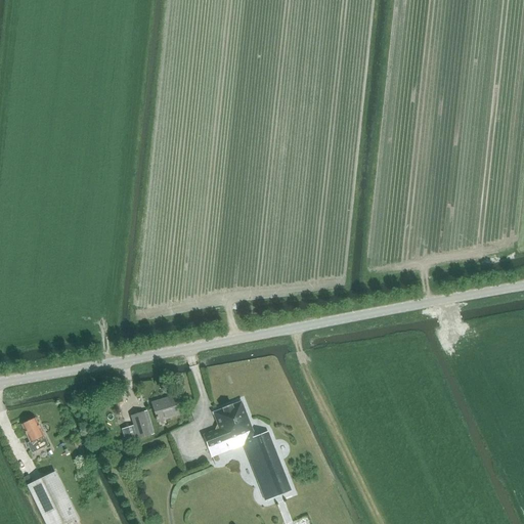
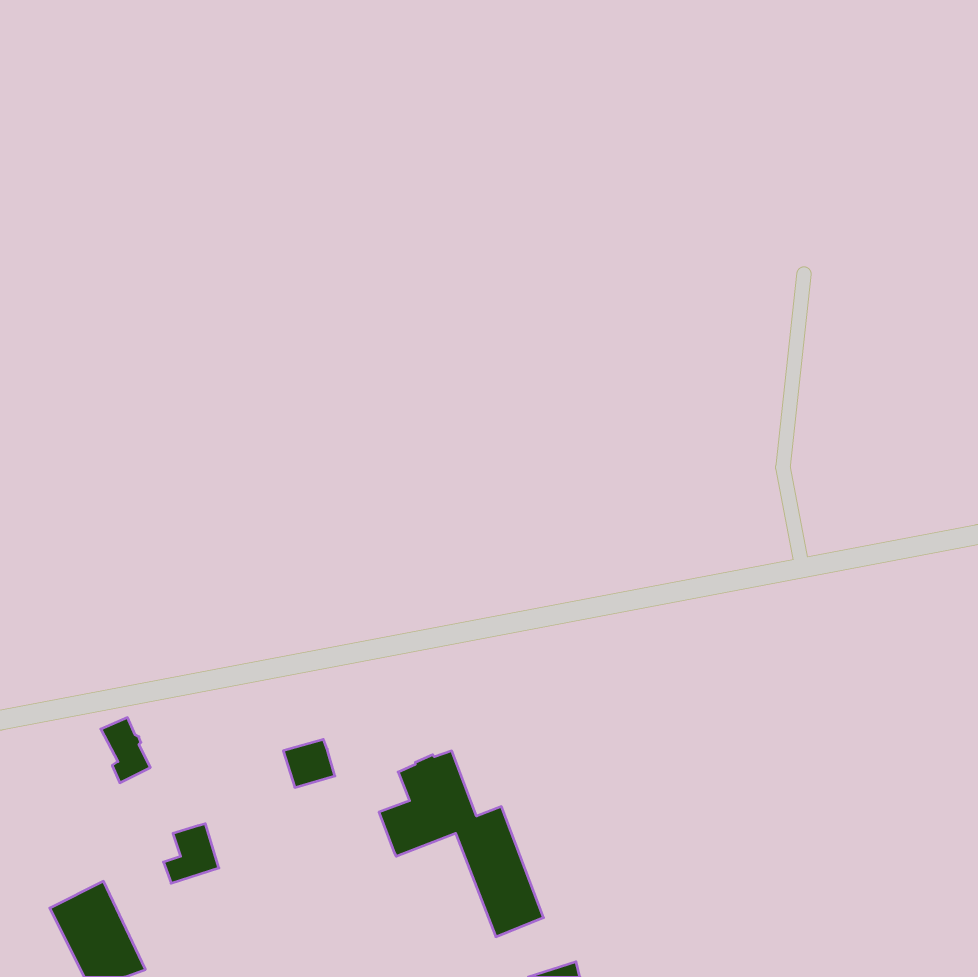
building: [125,409,155,441] -> [163,824,219,883]
building: [21,418,48,452] -> [101,718,150,783]

